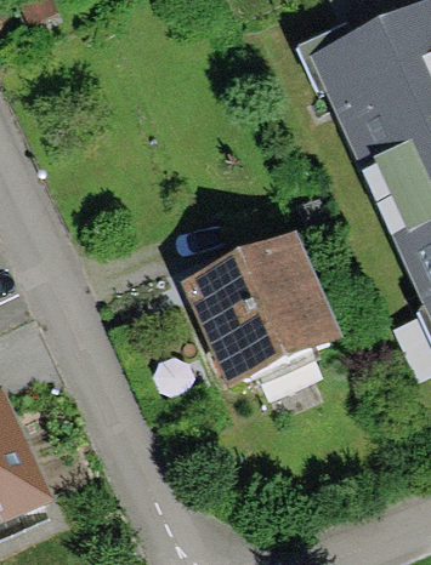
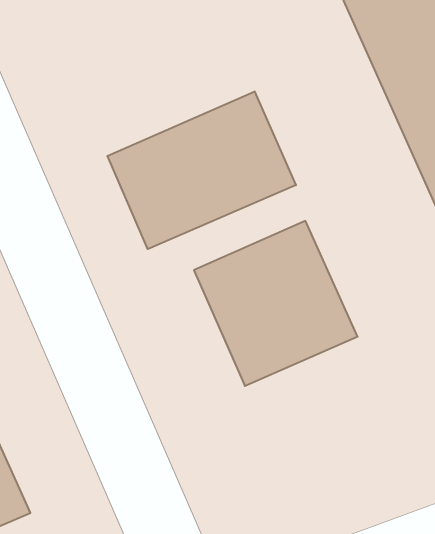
building: none -> [107,91,296,249]

